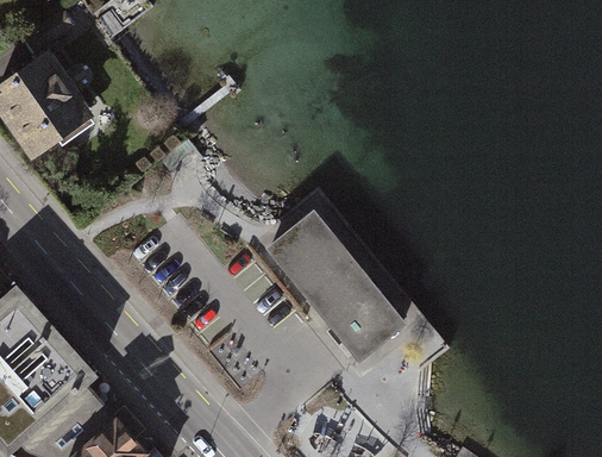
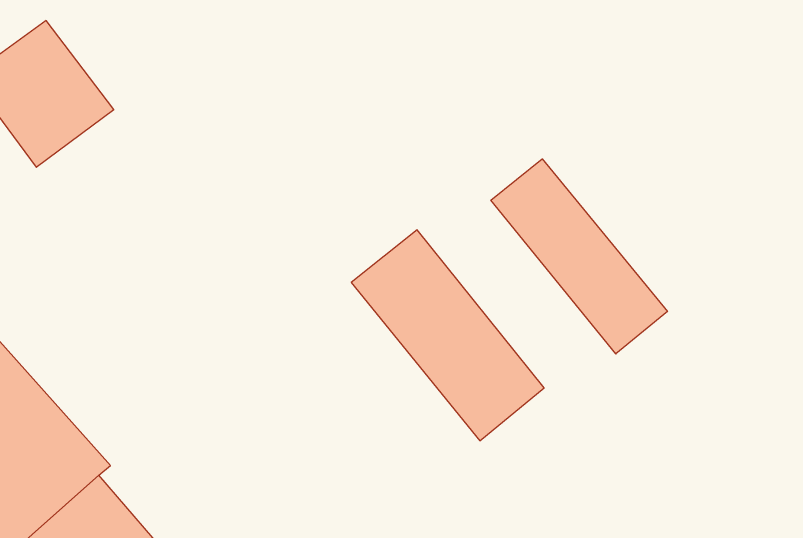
building: none -> [491,159,667,354]

